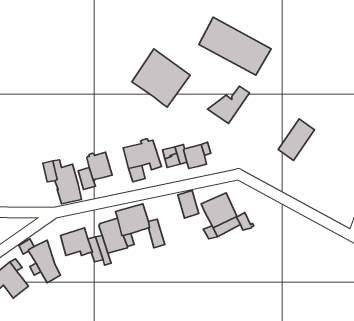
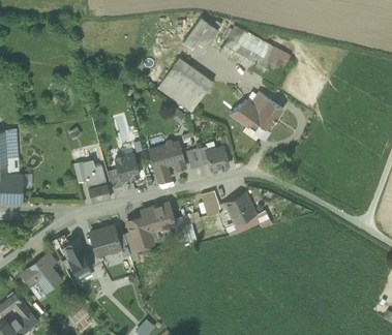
building: none -> [182,18,217,55]
building: [278,119,314,160] -> [248,98,282,138]

